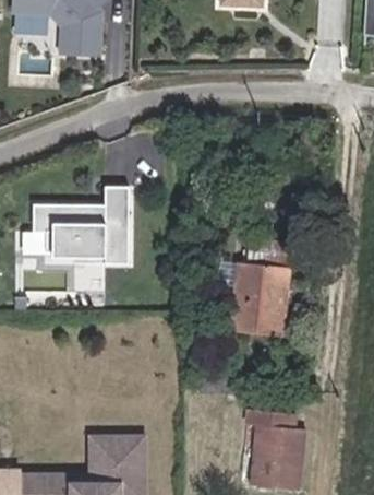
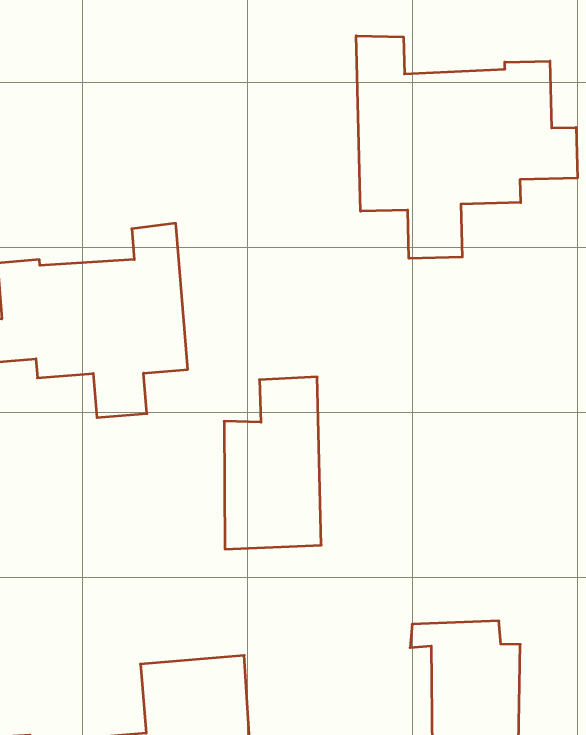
building: none -> [356,36,577,258]
building: [225,241,285,338] -> [224,377,321,549]

